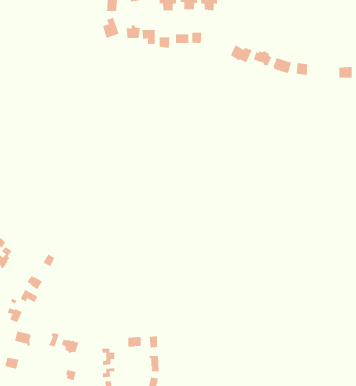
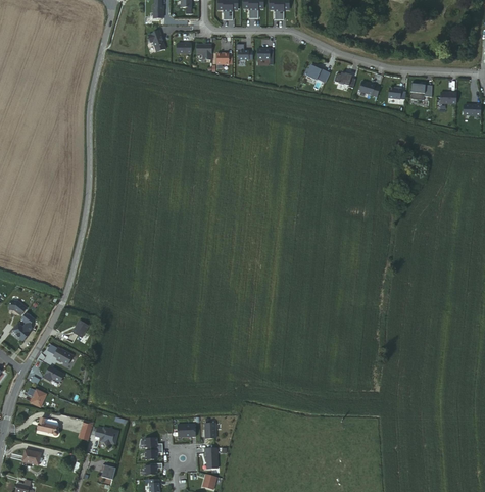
building: none -> [408,81,433,101]

